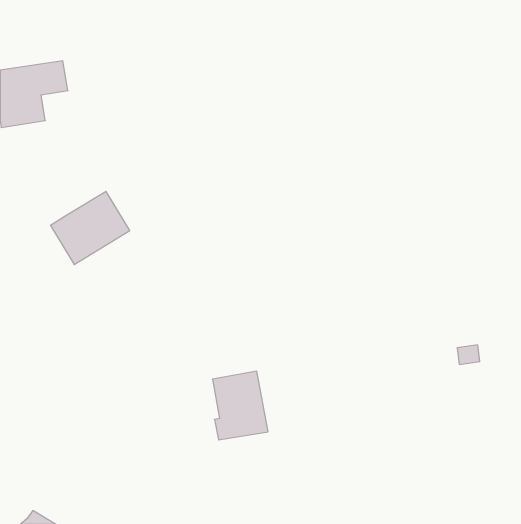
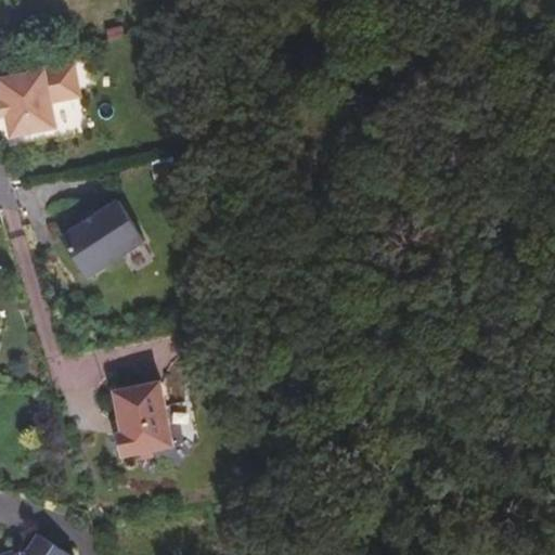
building: [212,371,268,440] -> [113,382,171,454]

